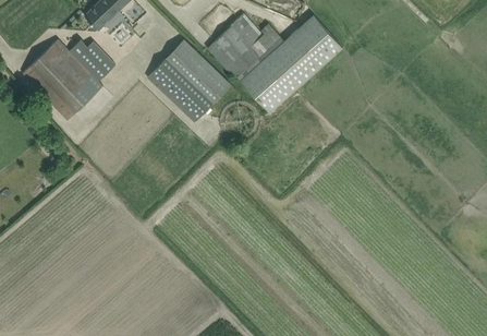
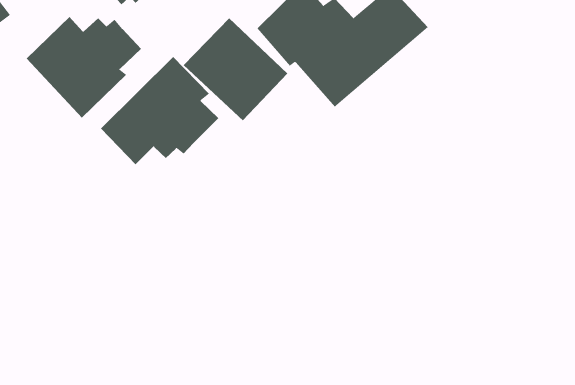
building: none -> [100,56,219,165]

